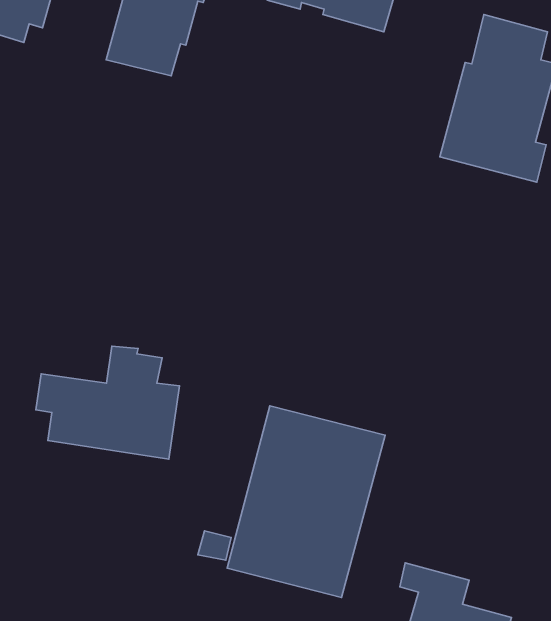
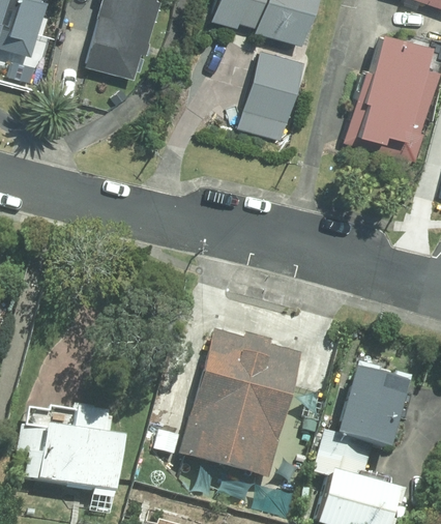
building: none -> [239,49,304,139]
building: [36,346,179,459] -> [23,404,135,492]
building: none -> [317,370,405,470]

